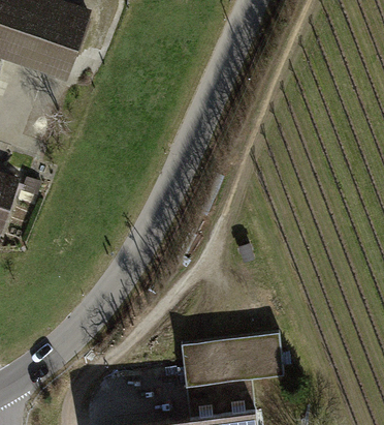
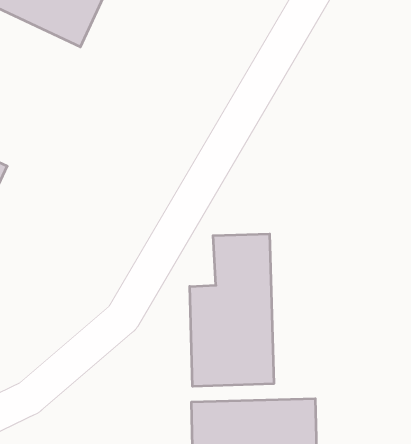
building: none -> [190,234,274,386]

